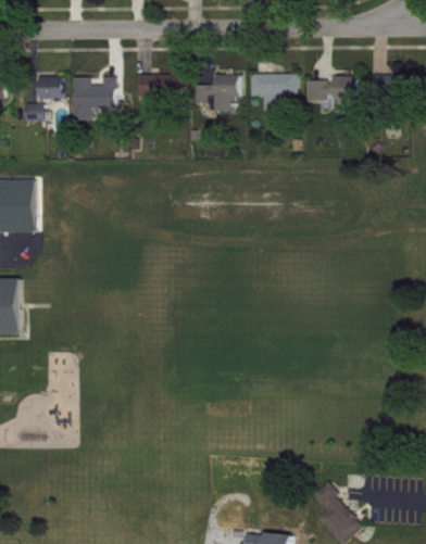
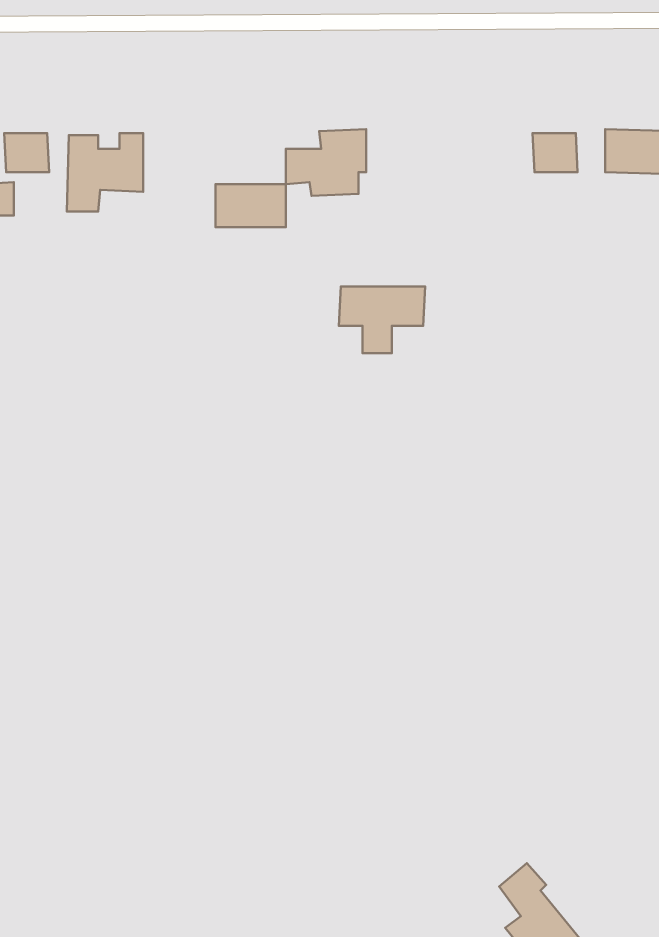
building: [139,75,178,99] -> [216,184,286,227]
building: [250,75,298,112] -> [339,287,425,353]
building: [305,81,331,109] -> none

